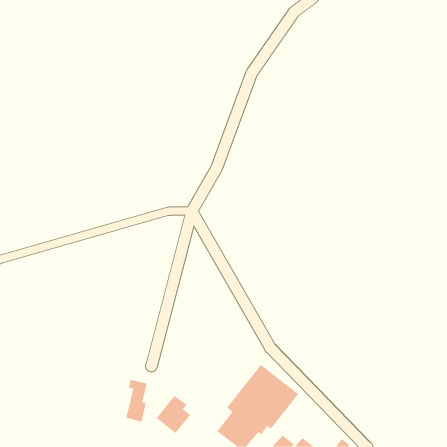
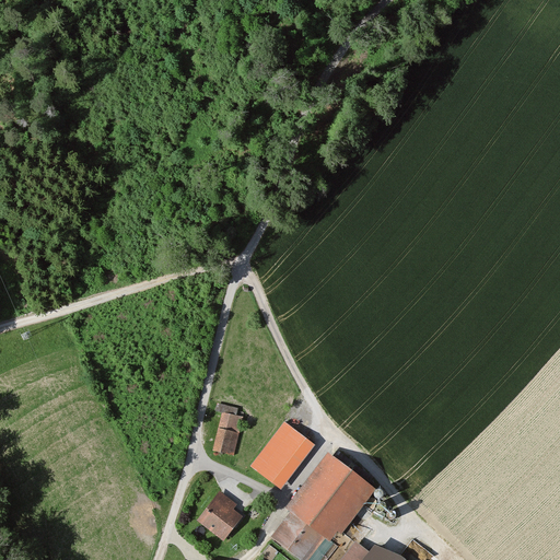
building: none -> [250,422,314,489]
building: [125,379,147,422] -> [213,402,241,456]

